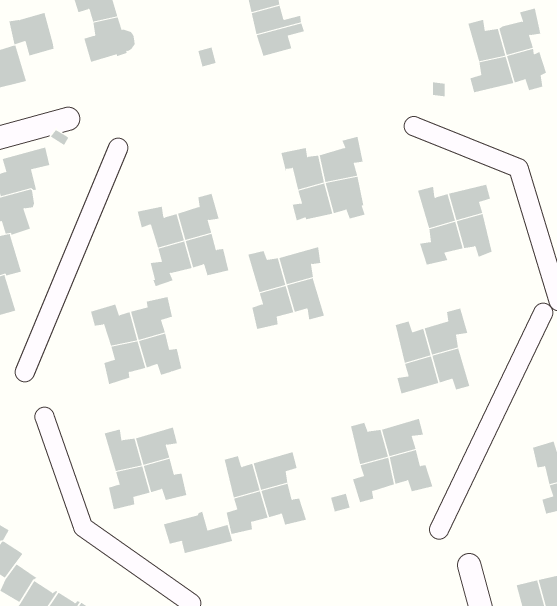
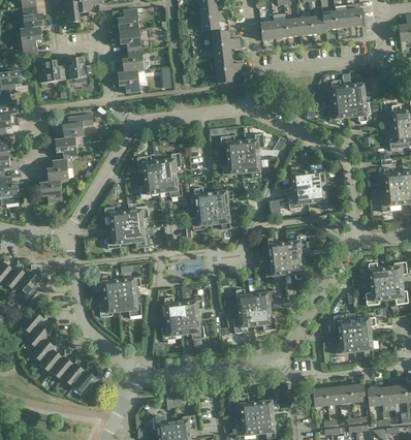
building: [9,12,54,56] -> [117,69,139,92]
building: [163,511,233,554] -> none

